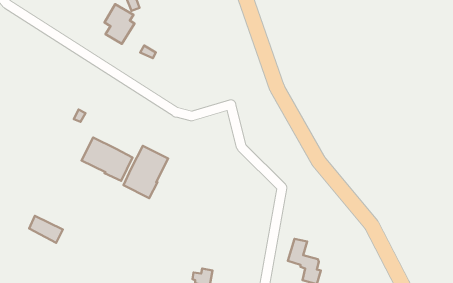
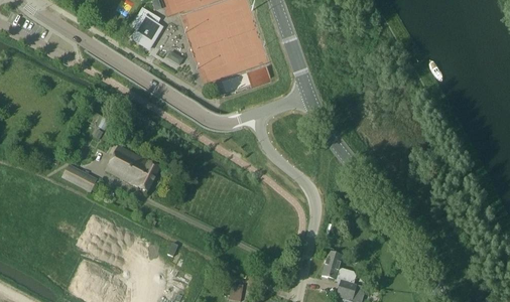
building: [124,146,168,198] -> none
building: [29,216,63,243] -> [61,164,97,192]

